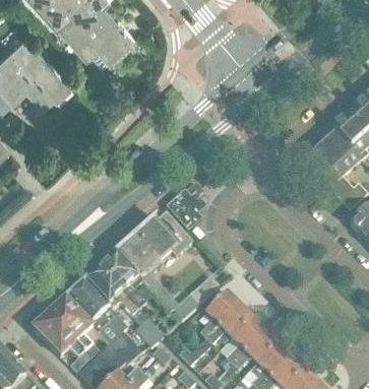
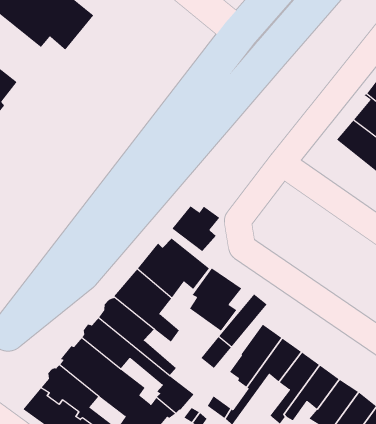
building: none -> [189,268,242,332]

